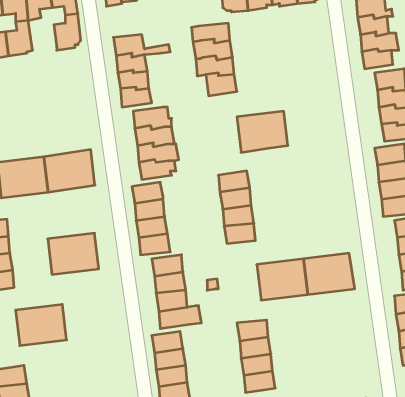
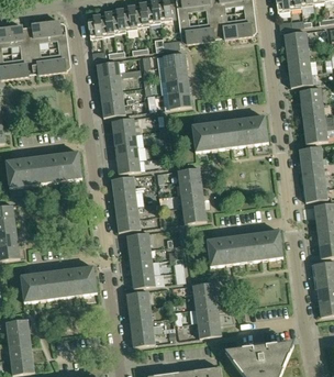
building: none -> [30,47,52,74]
building: none -> [227,114,267,146]
building: [48,233,99,274] -> [56,265,96,297]

